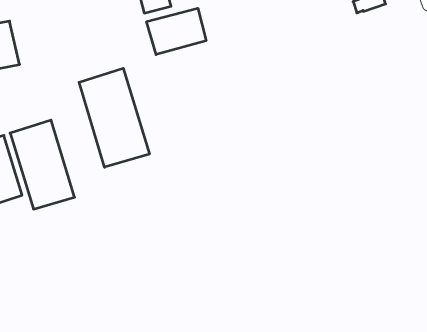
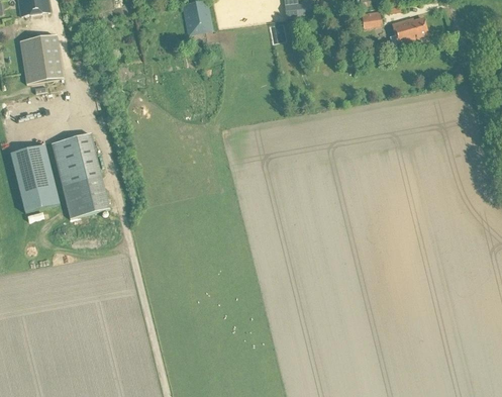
building: [147,8,206,55] -> none
building: [79,68,149,167] -> none

